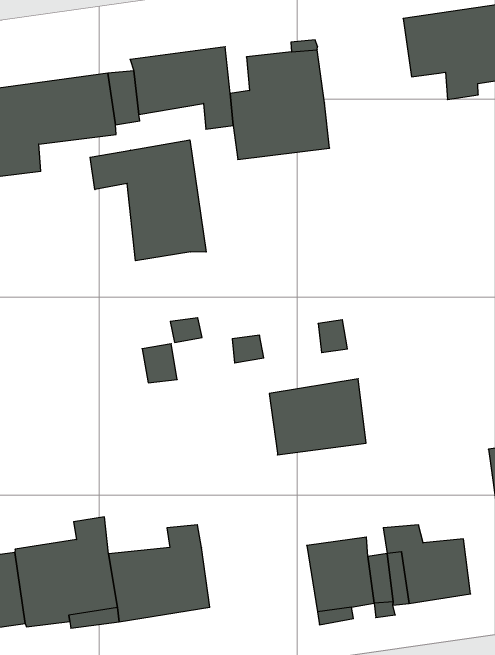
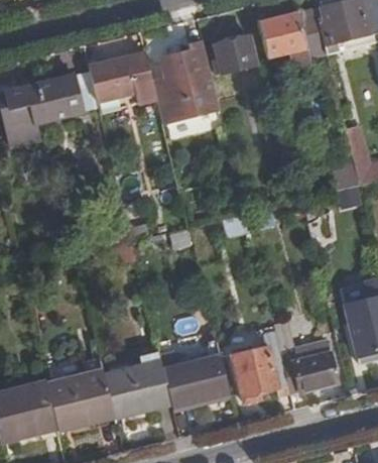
building: none -> [219,34,260,73]
building: [90,140,206,261] -> none
building: [269,379,366,455] -> [164,354,229,408]

